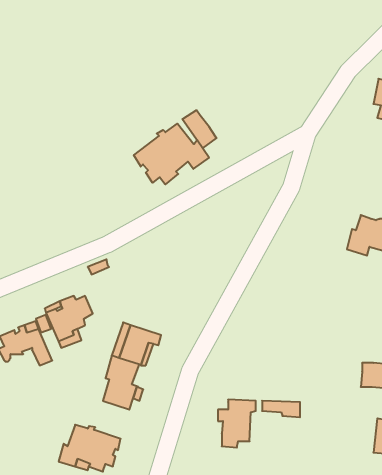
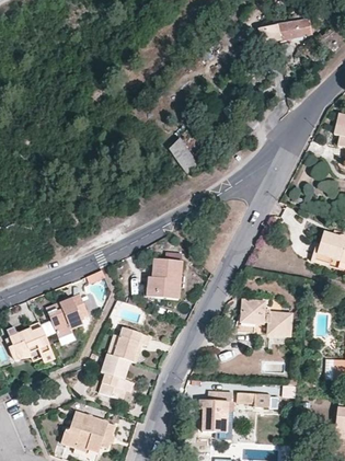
building: [134,124,209,184] -> none
building: none -> [146,258,184,299]
building: none -> [235,300,290,335]

